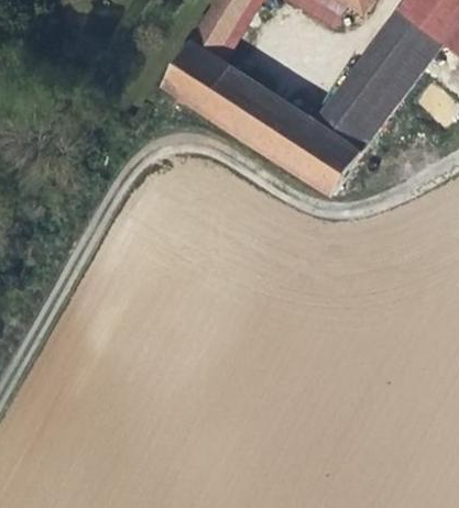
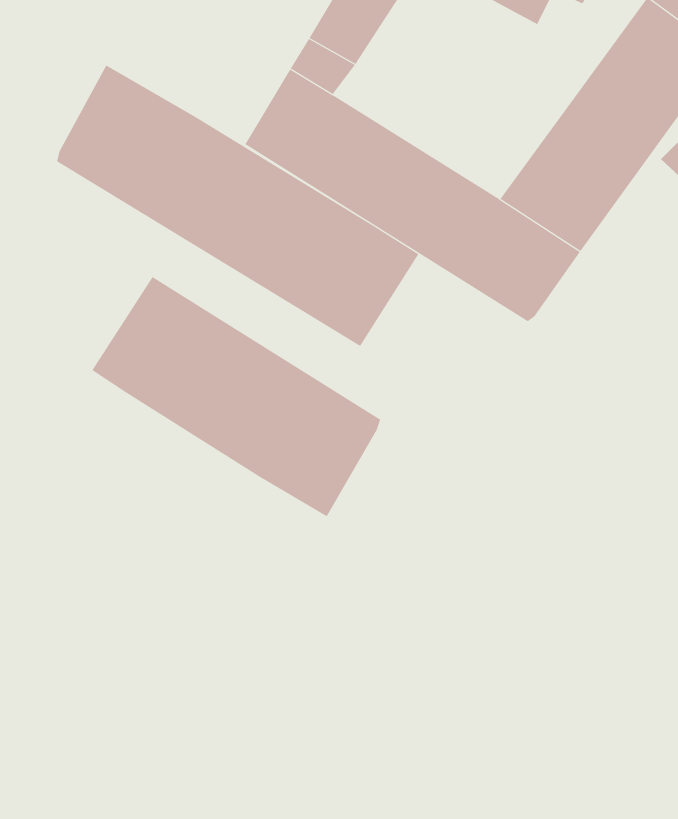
building: none -> [56,64,419,347]
building: none -> [91,276,381,517]

